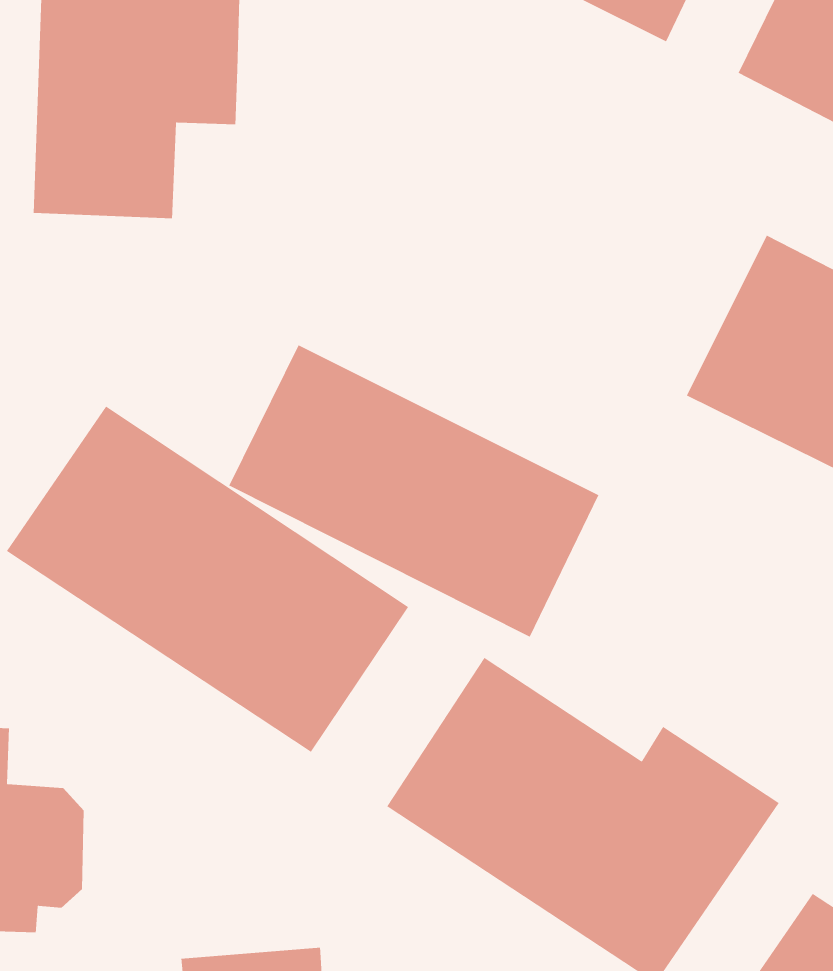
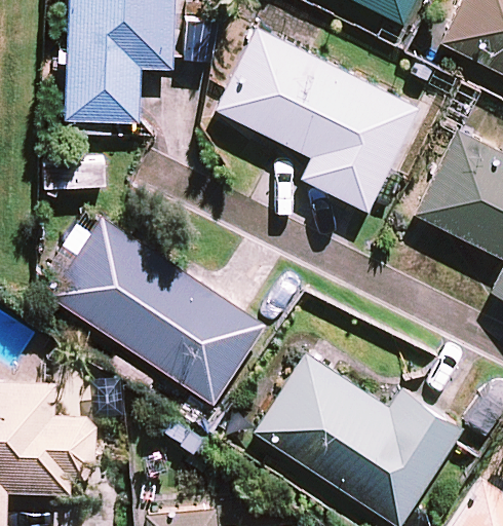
building: none -> [217,26,419,210]
building: [228,344,599,638] -> none

